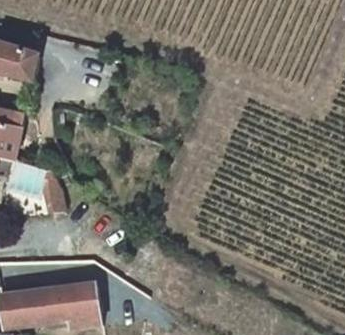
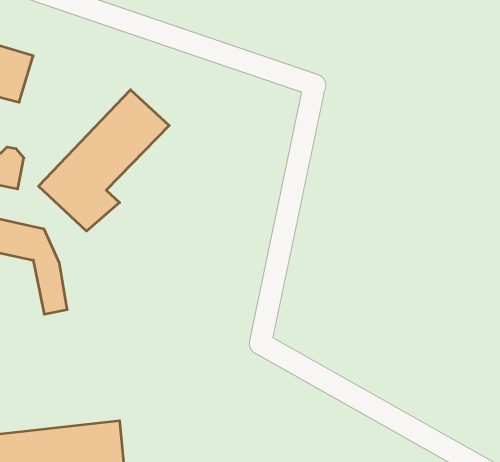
building: none -> [39,90,169,231]

